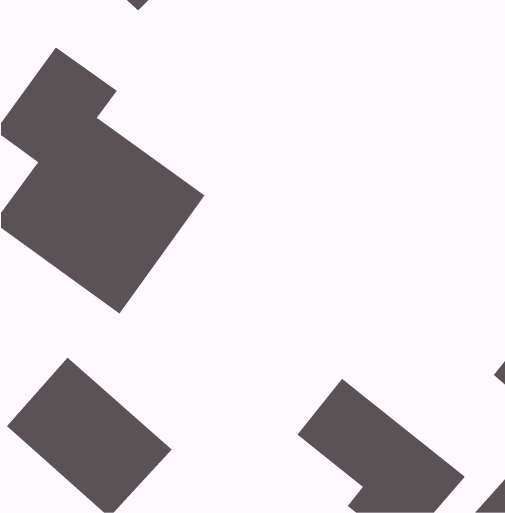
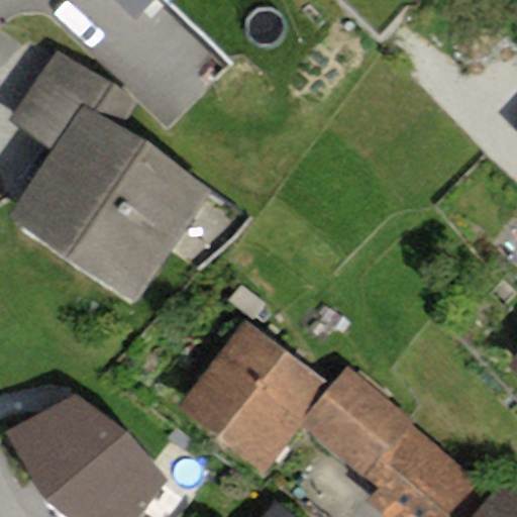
building: none -> [175,319,332,478]

